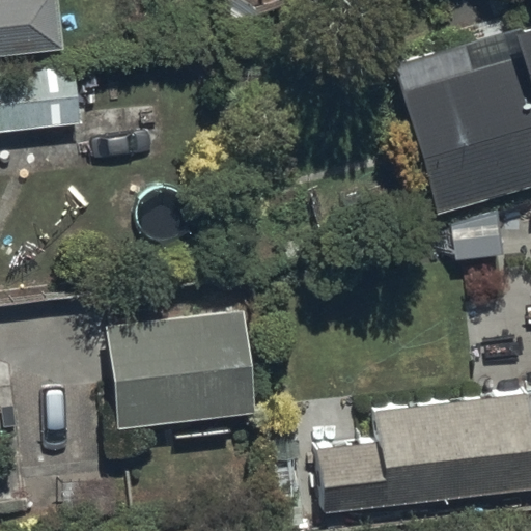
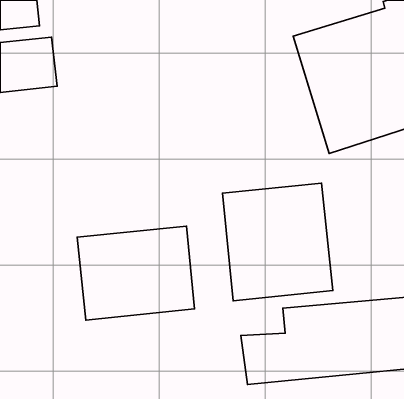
building: none -> [223,183,333,301]

